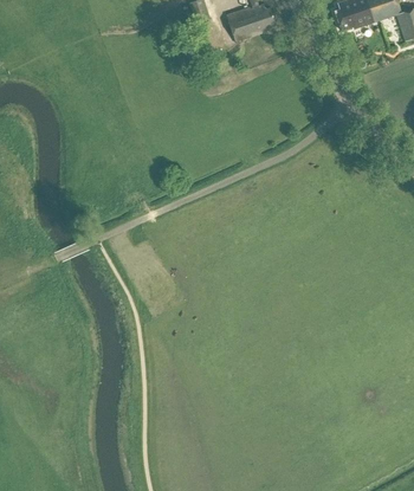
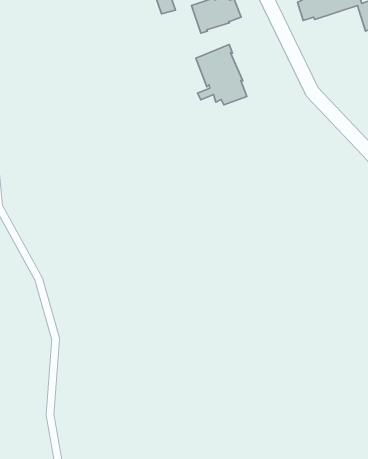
building: none -> [196,45,247,105]

